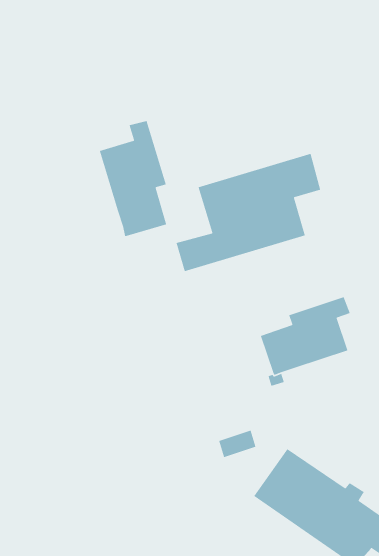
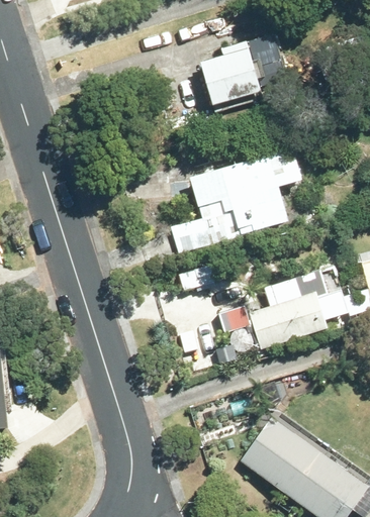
building: none -> [199,39,261,102]
building: [99,120,167,237] -> none

